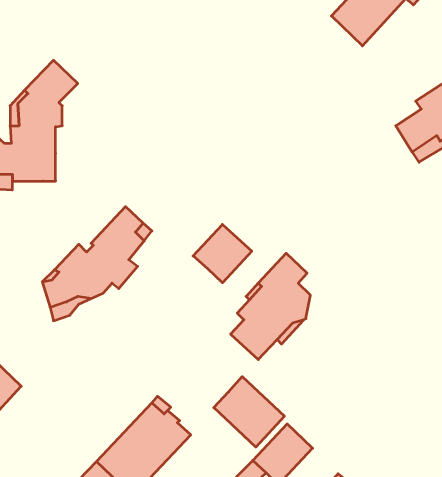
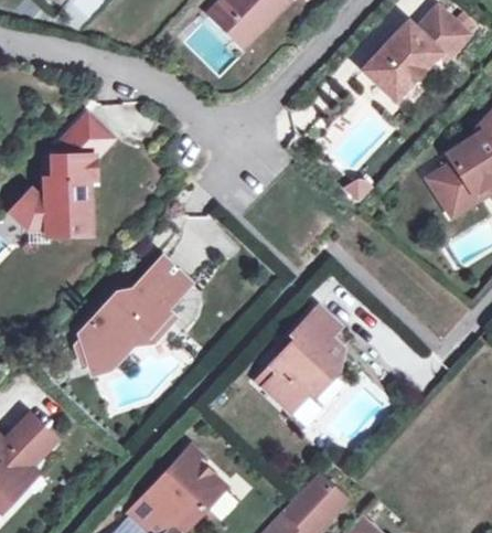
building: [193,224,252,283] -> none
building: [214,377,284,447] -> none

